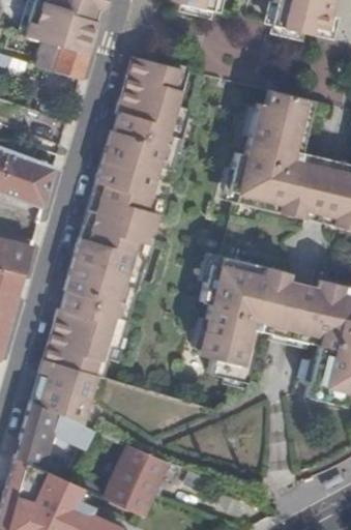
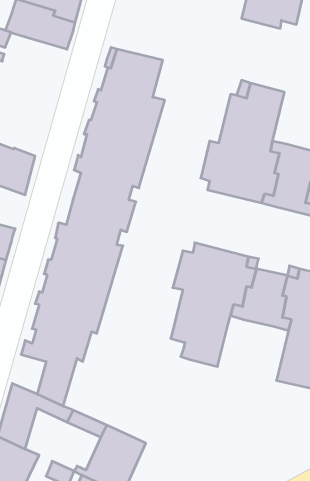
building: [35,41,87,79] -> none
building: [30,372,65,413] -> none

